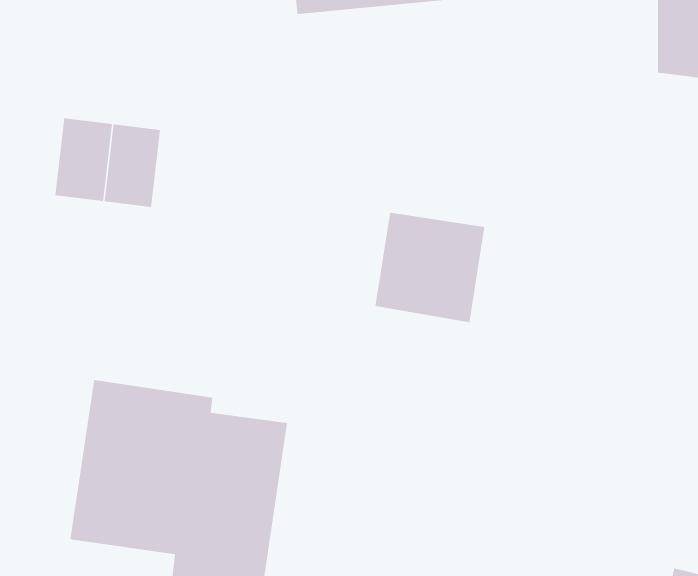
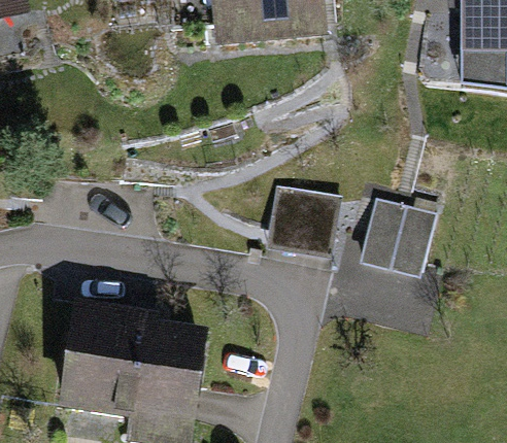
building: none -> [360,192,437,274]

